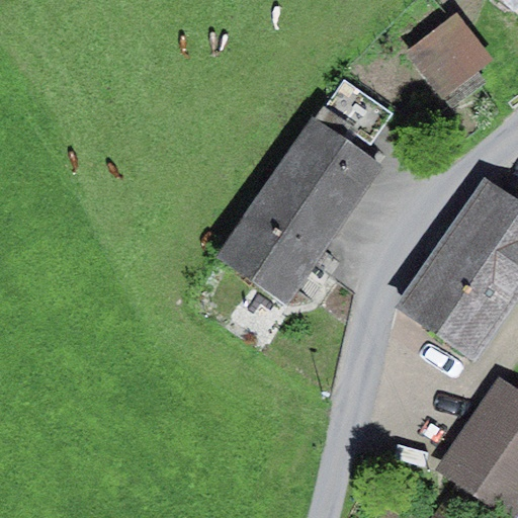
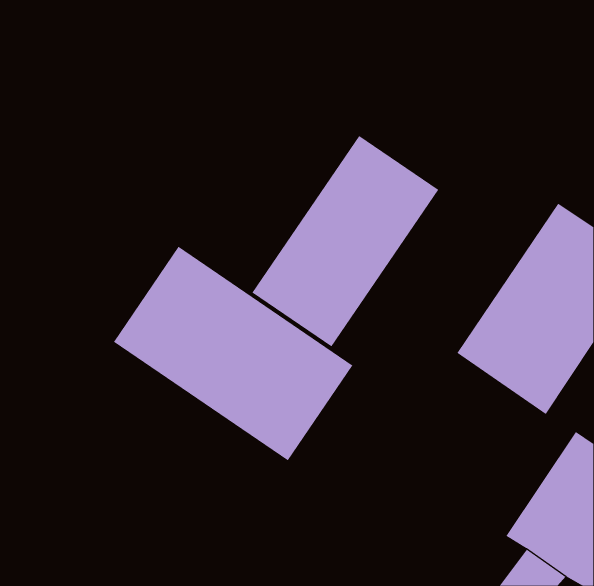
building: [413,10,496,92] -> none
building: none -> [113,246,353,461]

